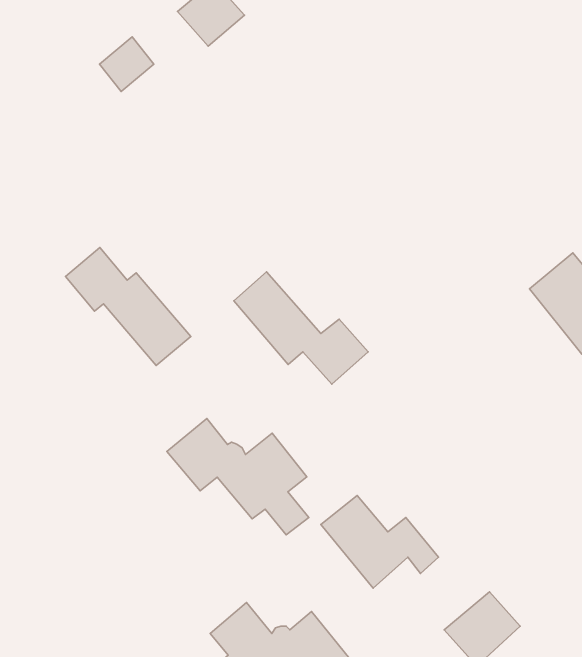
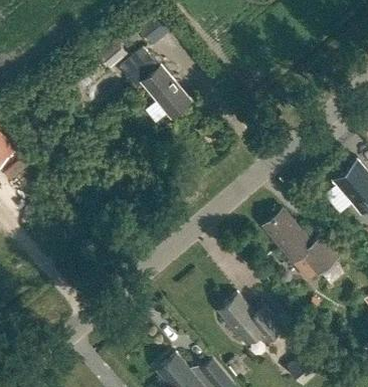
building: [66,248,191,365] -> [122,52,191,118]
building: [234,272,368,384] -> [264,210,339,272]
building: [167,419,309,535] -> none

